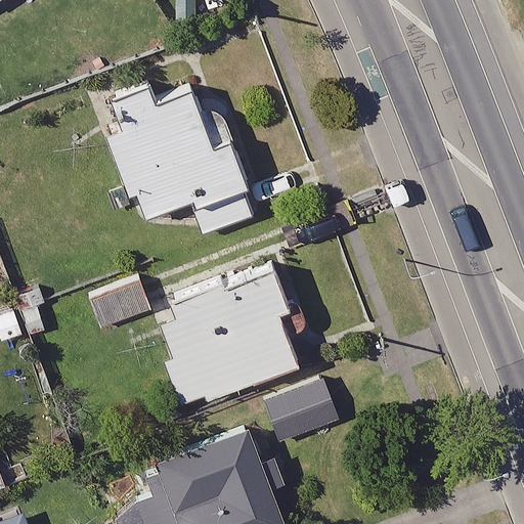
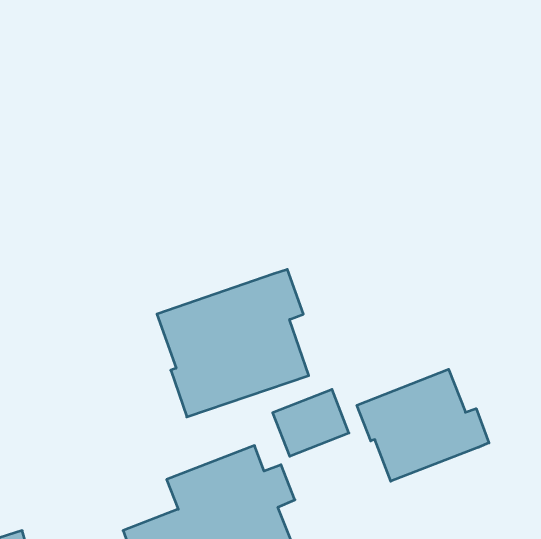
building: [104,67,256,234] -> none
building: none -> [357,369,489,481]

